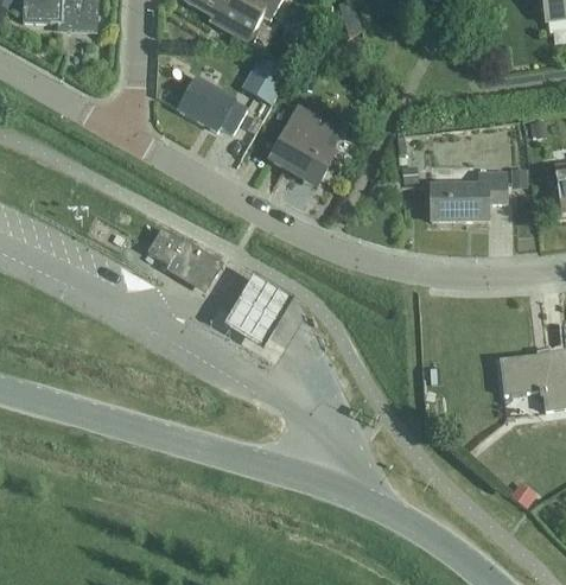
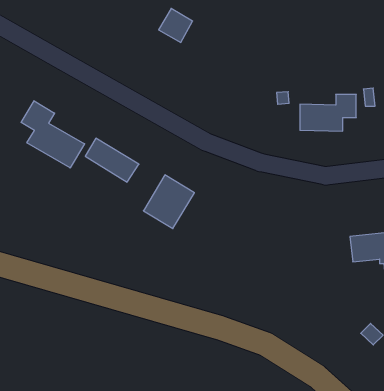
building: [179,78,247,133] -> none
building: [269,109,337,180] -> none
building: none -> [21,101,85,168]

